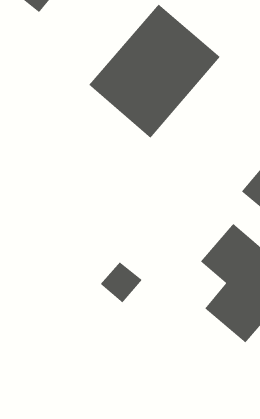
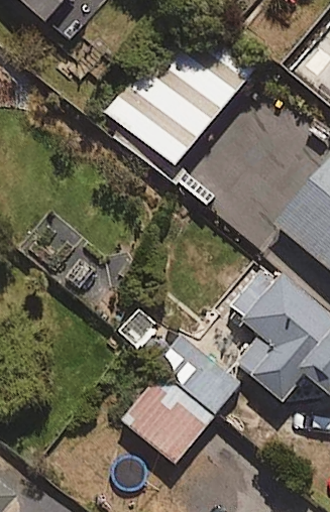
building: none -> [123,334,241,463]

